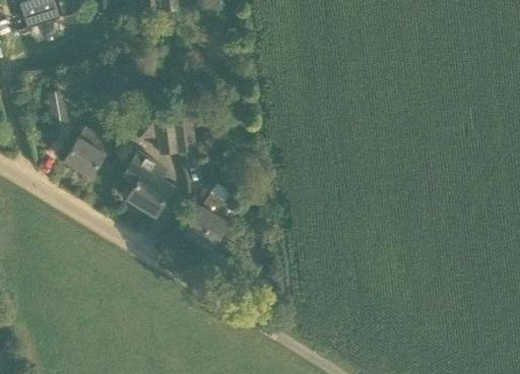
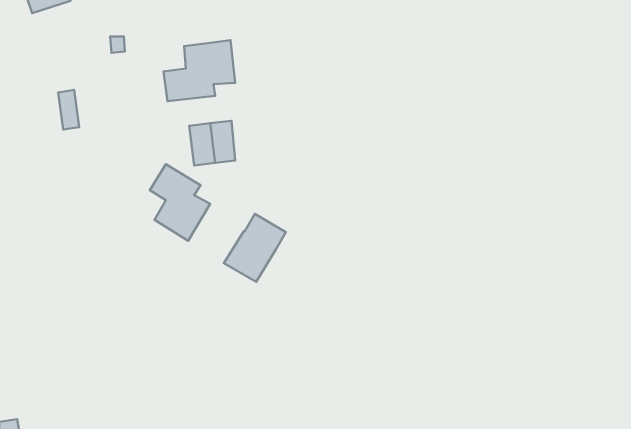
building: none -> [164,40,235,101]
building: [64,127,111,176] -> none

